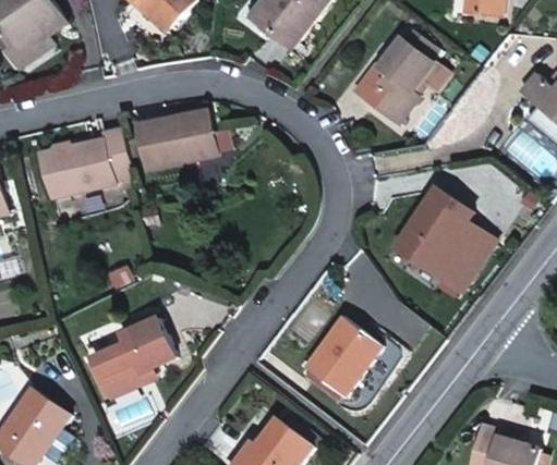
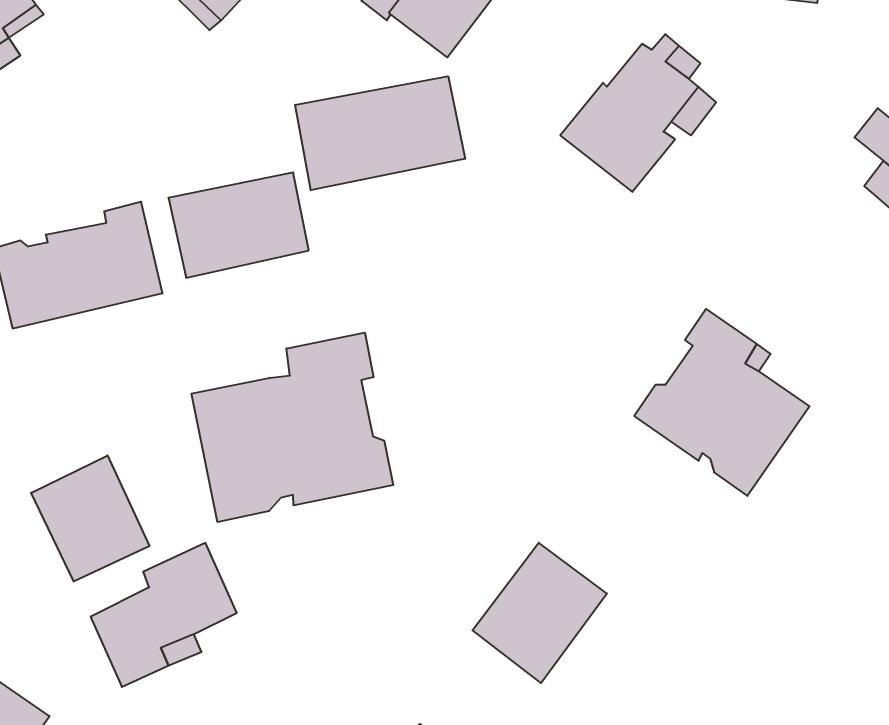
building: none -> [295,76,465,190]
building: none -> [191,333,393,522]
building: none -> [31,455,150,582]

